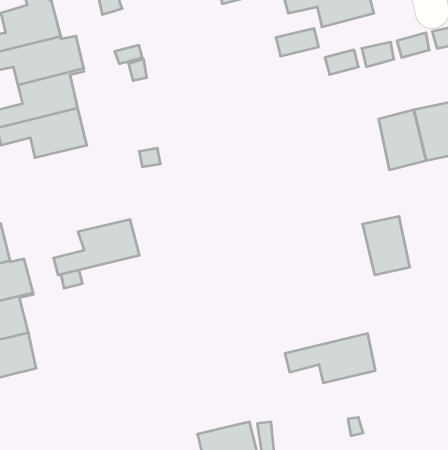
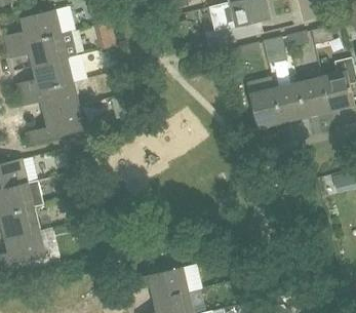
building: [362,216,410,275] -> [249,88,281,127]
building: [53,220,139,275] -> [28,106,85,143]
building: [285,334,375,383] -> [127,266,188,299]

